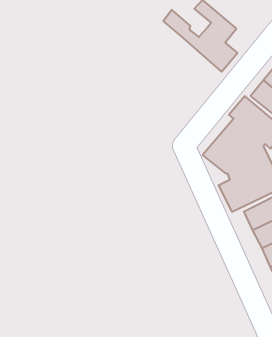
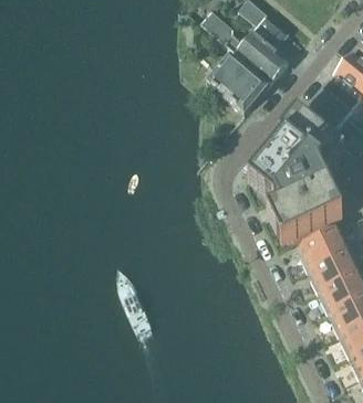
building: none -> [206,56,266,116]

